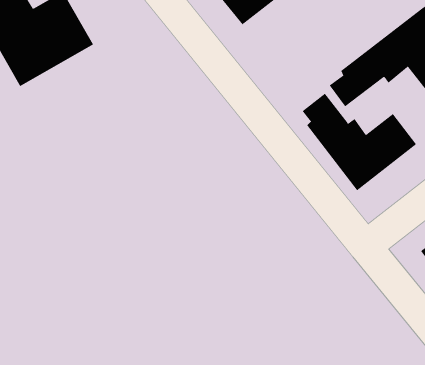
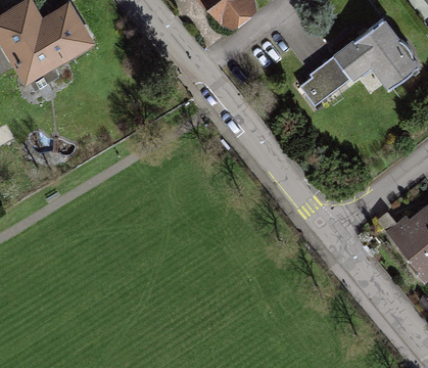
building: [302,93,417,191] -> none

